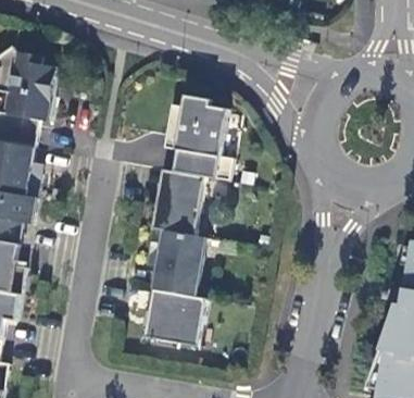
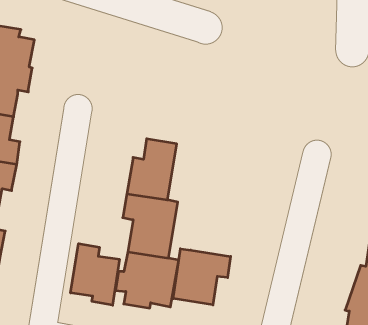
building: [165,95,233,181] -> none
building: none -> [71,244,119,305]
building: none -> [173,249,231,305]

